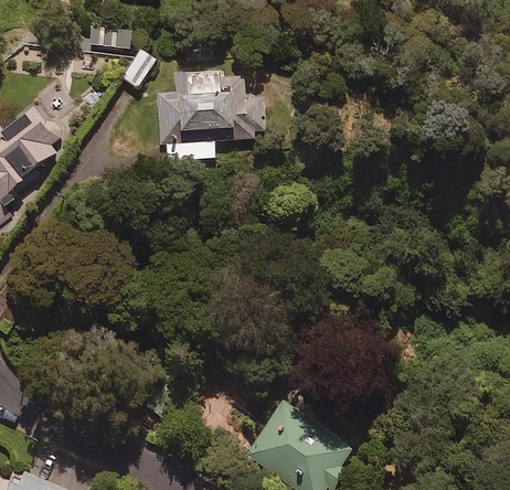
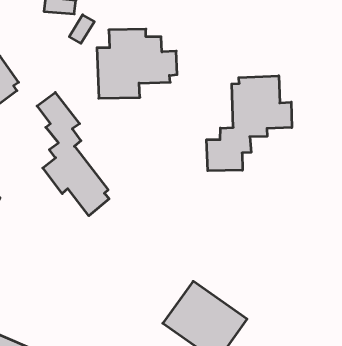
building: none -> [207,76,292,171]
building: none -> [37,92,109,216]

